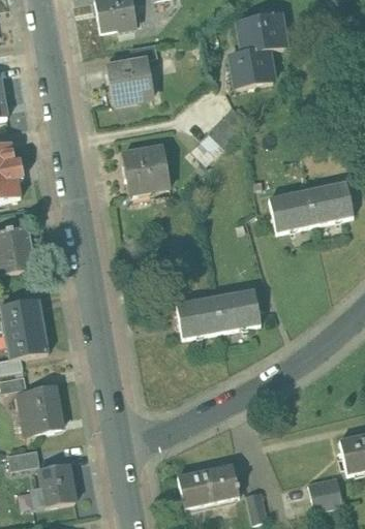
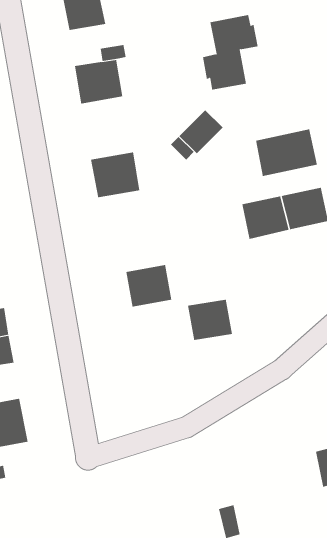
building: none -> [256,129,318,177]
building: [176,297,221,338] -> [125,265,172,307]
building: [177,463,239,507] -> none
building: [38,464,74,506] -> none
building: [308,475,342,509] -> none

